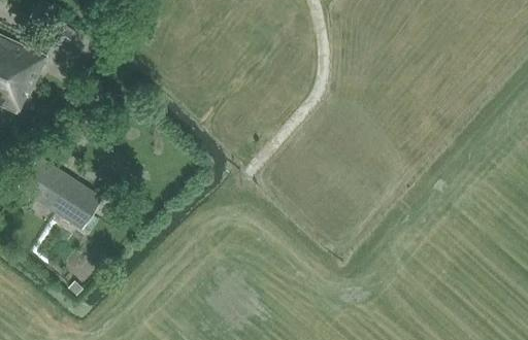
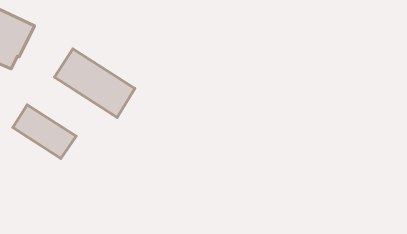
building: none -> [55,49,135,117]

